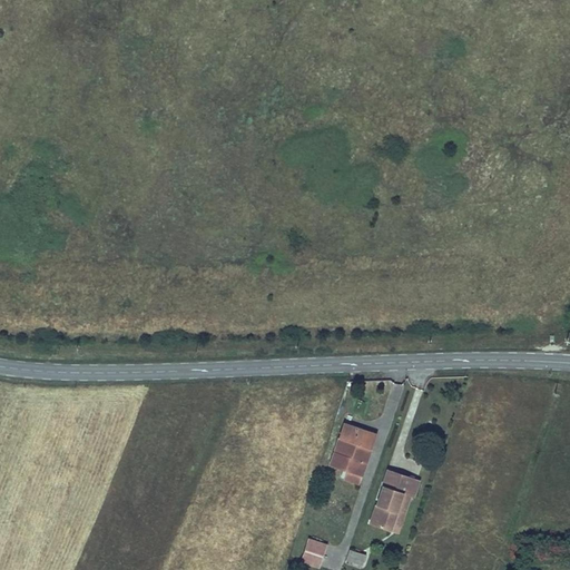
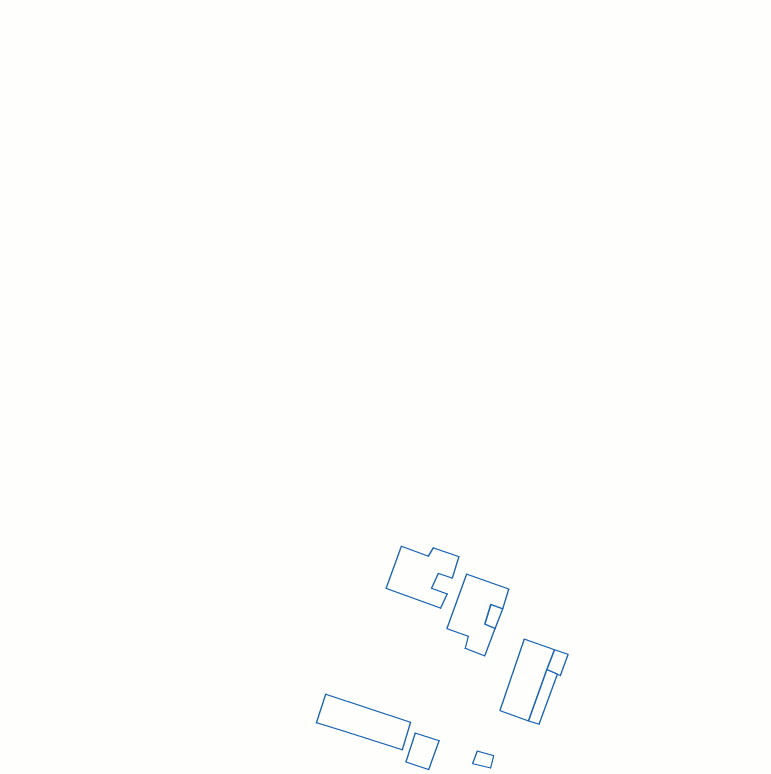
building: none -> [386,546,459,608]
building: none -> [316,694,411,750]

